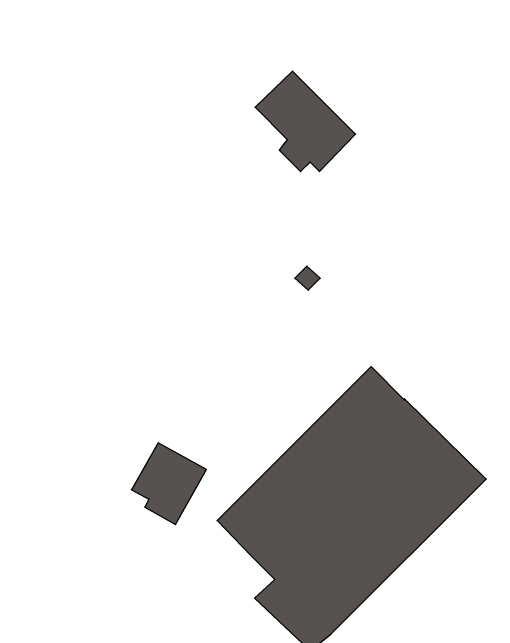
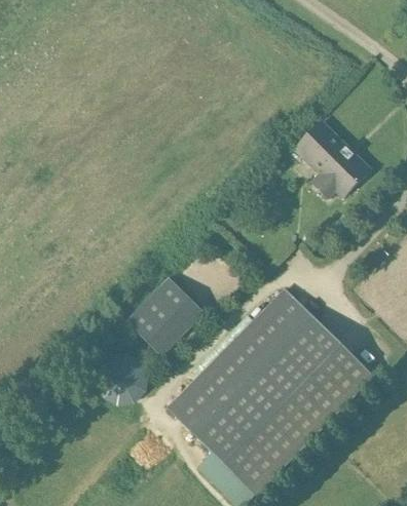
building: [255,71,356,172] -> [293,121,370,198]
building: none -> [125,275,206,355]

